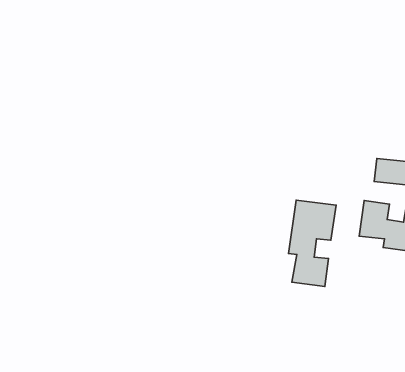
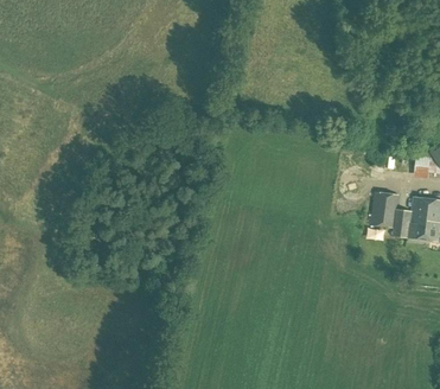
building: [288,200,336,287] -> none

